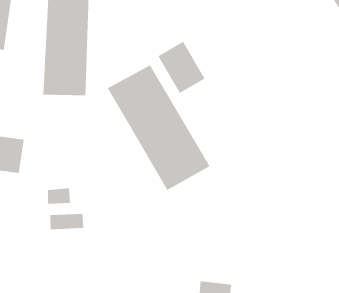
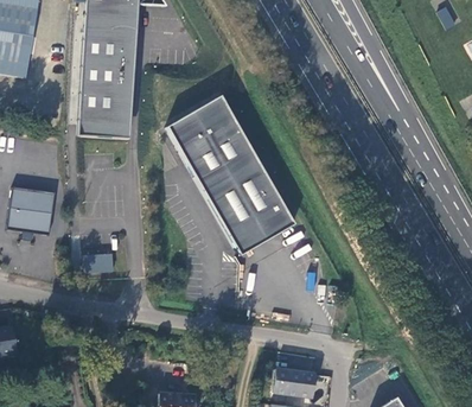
building: [157,41,205,94] -> none
building: [50,213,84,230] -> none

